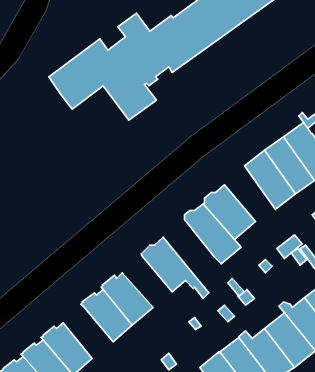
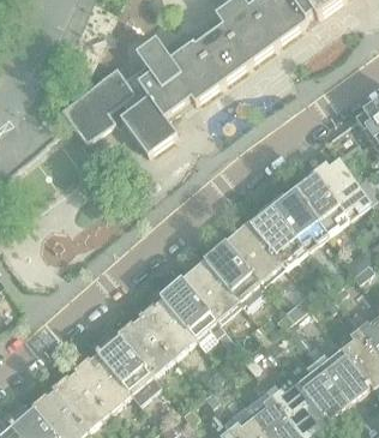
building: none -> [247,203,306,265]
building: none -> [185,260,240,319]
building: none -> [139,300,194,355]
building: none -> [74,354,131,410]

